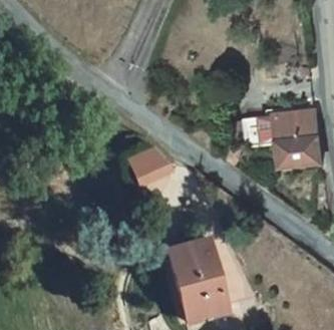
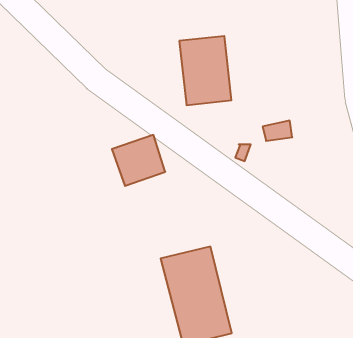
building: [278,110,322,169] -> [179,36,231,105]

